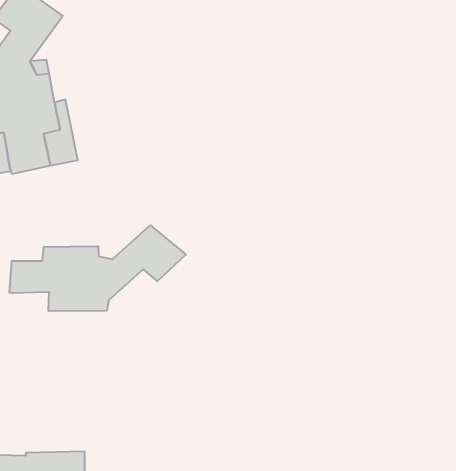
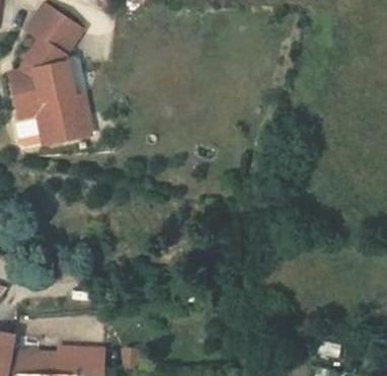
building: [9,225,186,311] -> none

